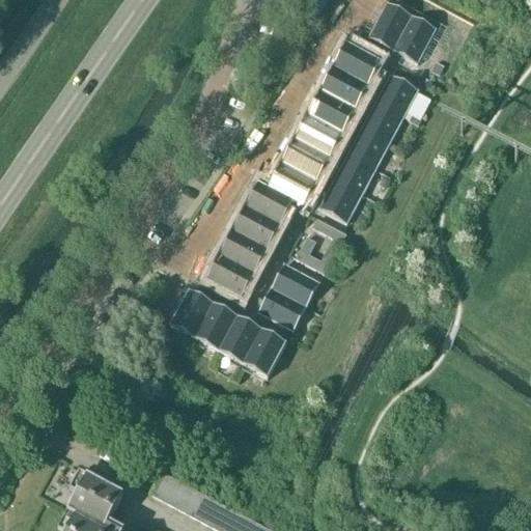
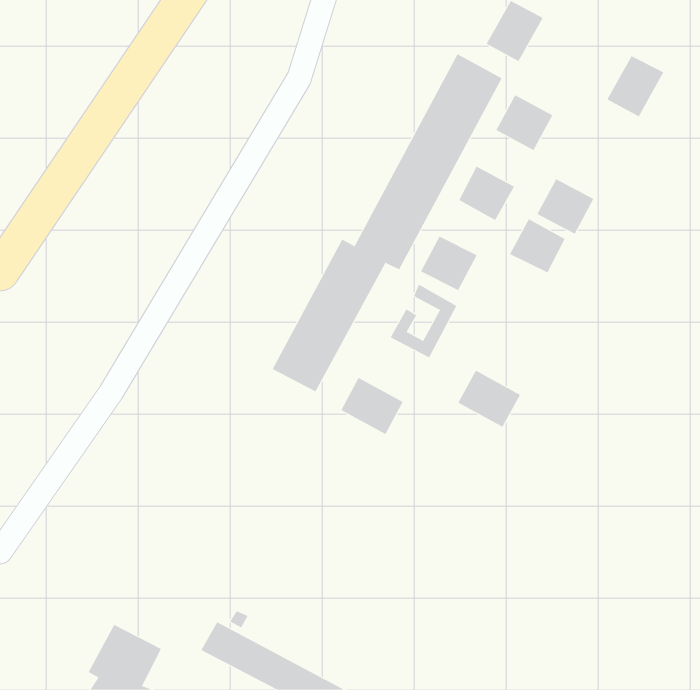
building: [393,13,437,60] -> [606,56,664,117]
building: [361,99,404,141] -> [537,178,594,235]
building: [333,151,375,193] -> [509,218,566,273]
building: [272,260,319,304] -> [458,370,521,428]
building: [169,288,286,374] -> none

